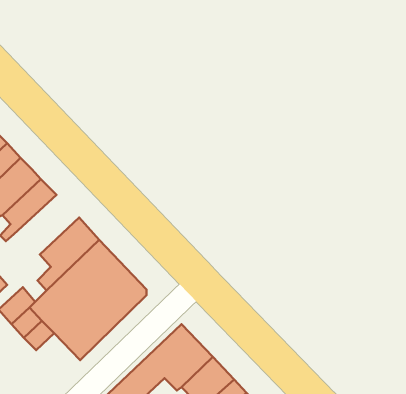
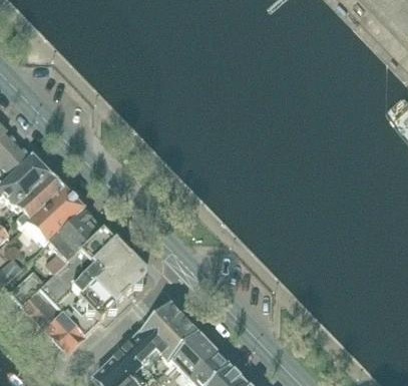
building: none -> [25,188,83,245]
building: none -> [45,312,84,351]

